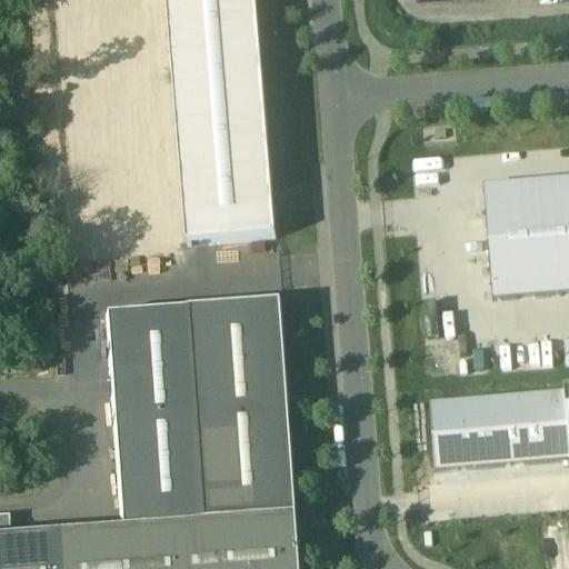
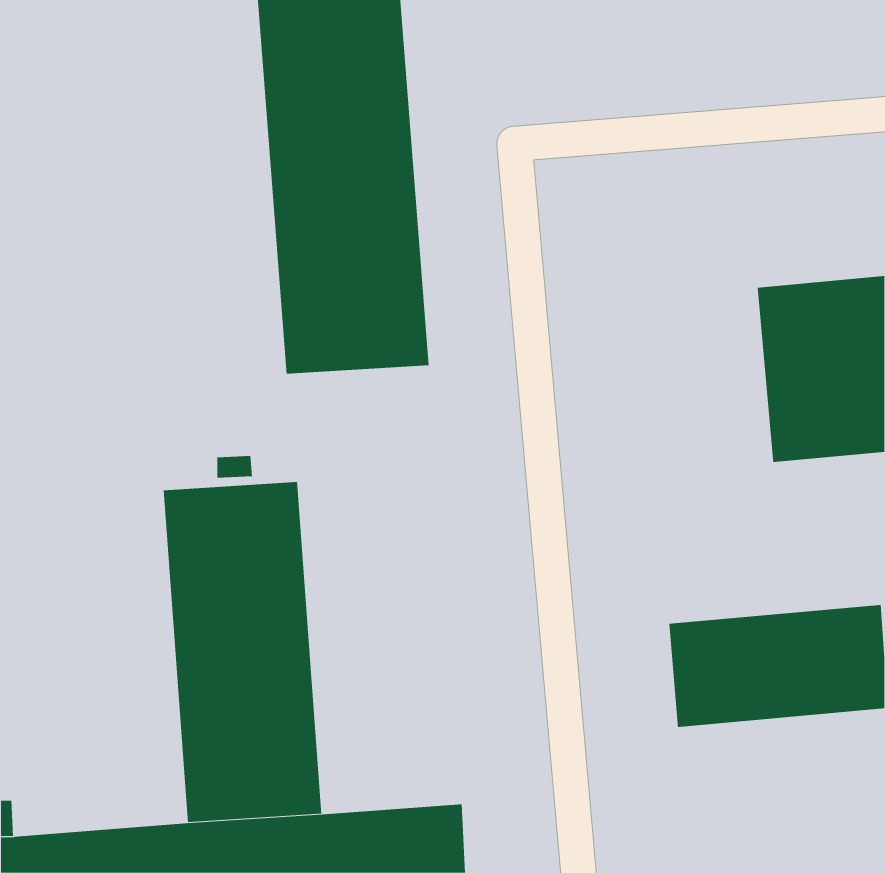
building: [191,302,297,522] -> none

